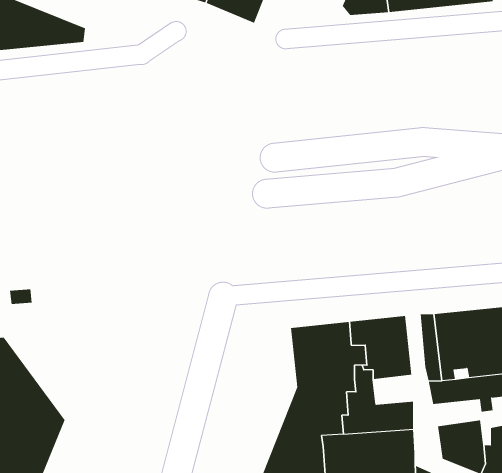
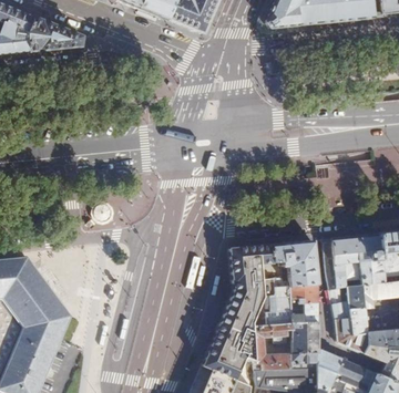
building: none -> [288,283,317,304]
building: none -> [330,301,365,320]

